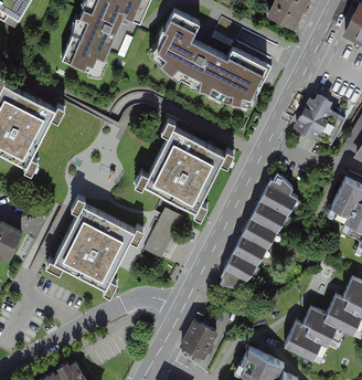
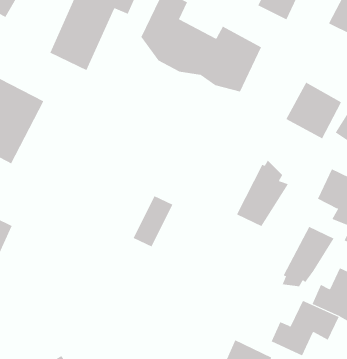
building: [140,127,221,209] -> none
building: [58,209,135,291] -> none
building: [220,224,272,284] -> [282,226,335,287]
building: [184,314,221,356] -> none

